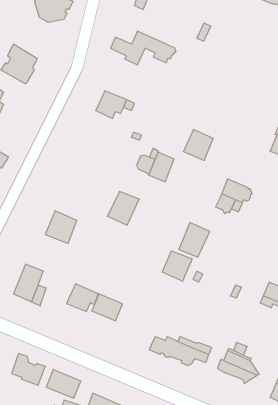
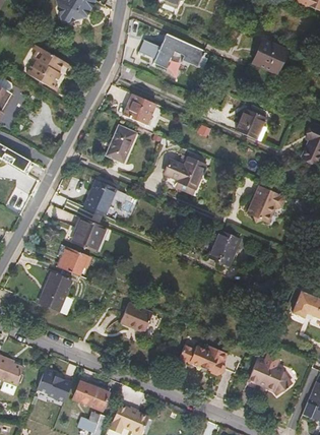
building: none -> [253,40,287,73]
building: none -> [106,125,135,162]
building: [183,130,213,160] -> [236,108,266,139]
building: [107,191,139,225] -> [83,181,116,215]
building: [162,251,192,281] -> none
building: [67,284,98,312] -> [58,247,90,275]

